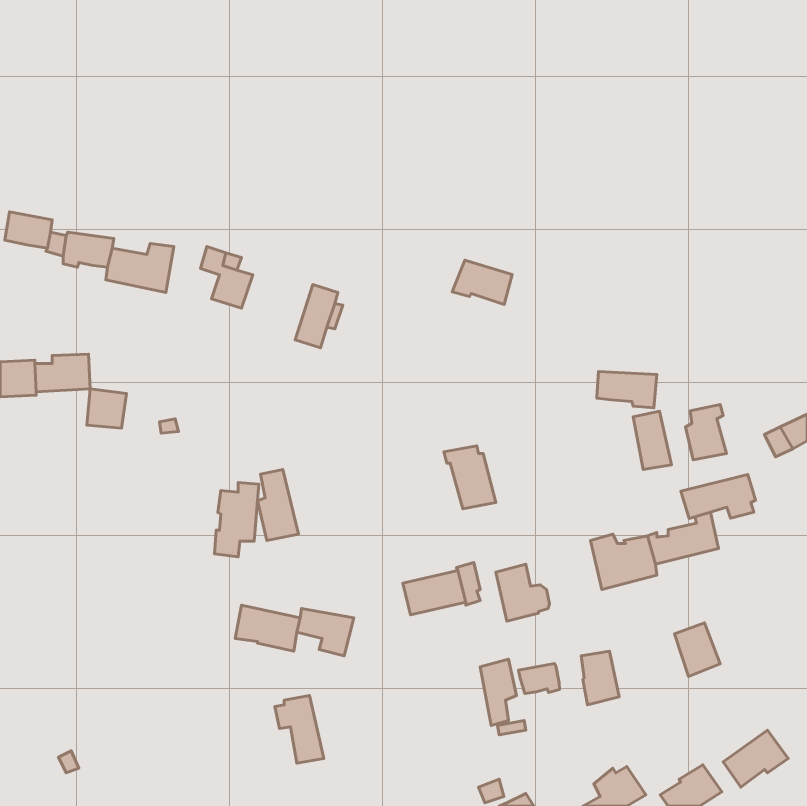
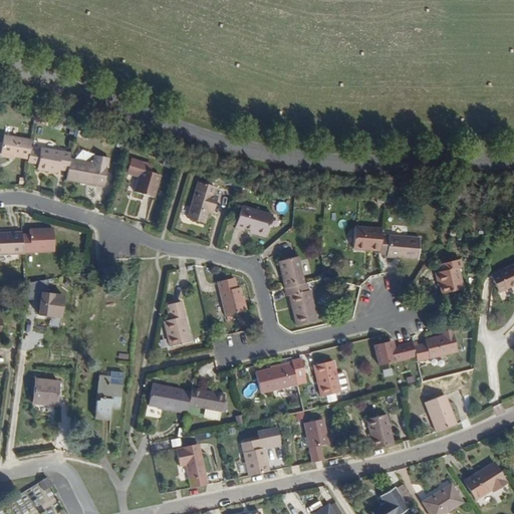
building: [452,260,512,305] -> [236,206,274,234]
building: none -> [355,230,380,252]
building: [87,389,126,428] -> [38,291,63,316]
building: none -> [278,255,303,287]
building: [633,411,672,470] -> none
building: none -> [218,275,244,312]
building: [681,475,755,519] -> none
building: [215,483,259,557] -> [95,370,123,418]
building: none -> [34,380,61,406]
building: [519,663,560,694] -> none
building: none -> [241,427,280,473]

